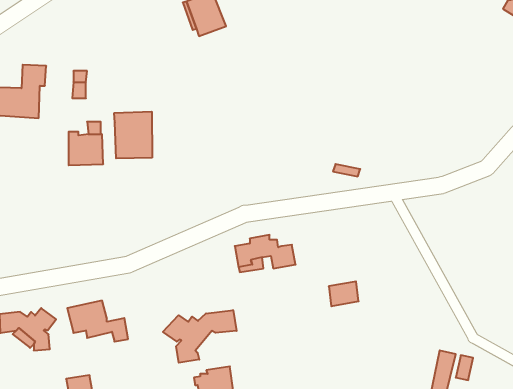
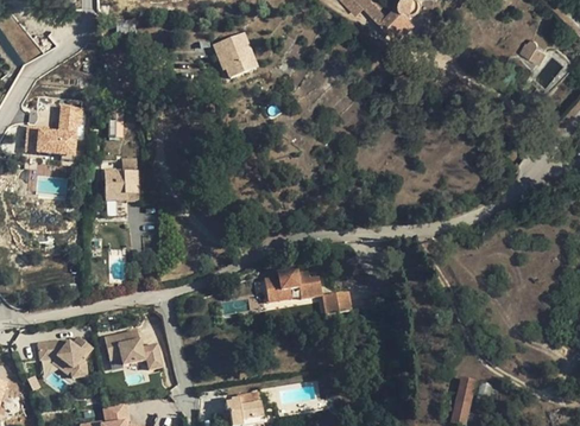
building: [114,112,152,158] -> none
building: [329,281,359,306] -> [322,291,351,314]
building: [163,310,237,363] -> none

